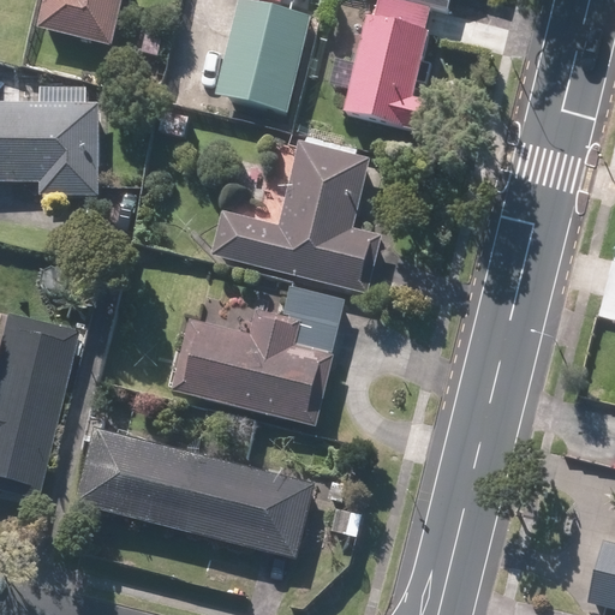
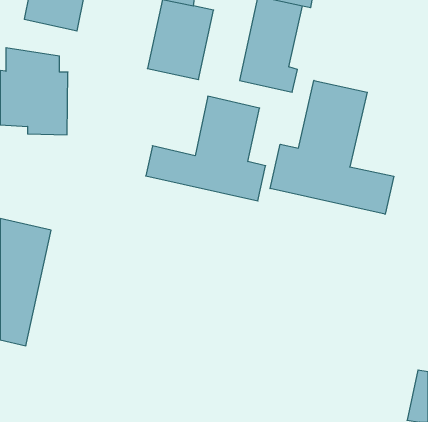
building: none -> [270,80,394,214]
building: [167,287,348,426] -> none
building: [73,424,312,559] -> none

